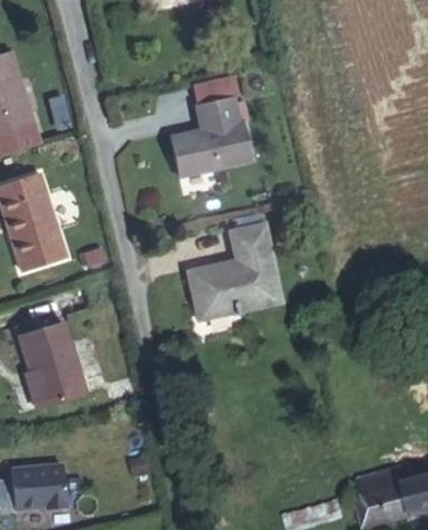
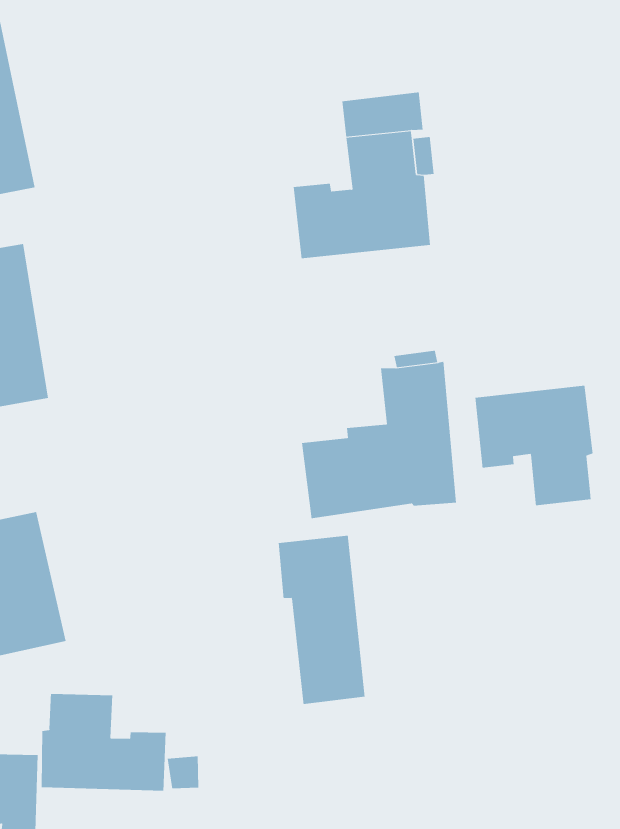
building: none -> [475,385,593,506]
building: none -> [278,535,365,705]
building: none -> [41,693,166,791]

